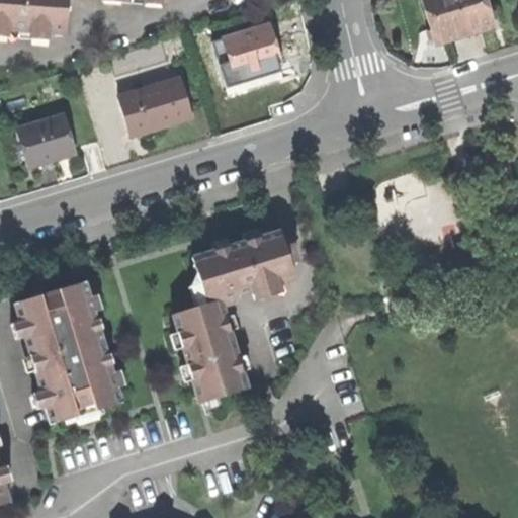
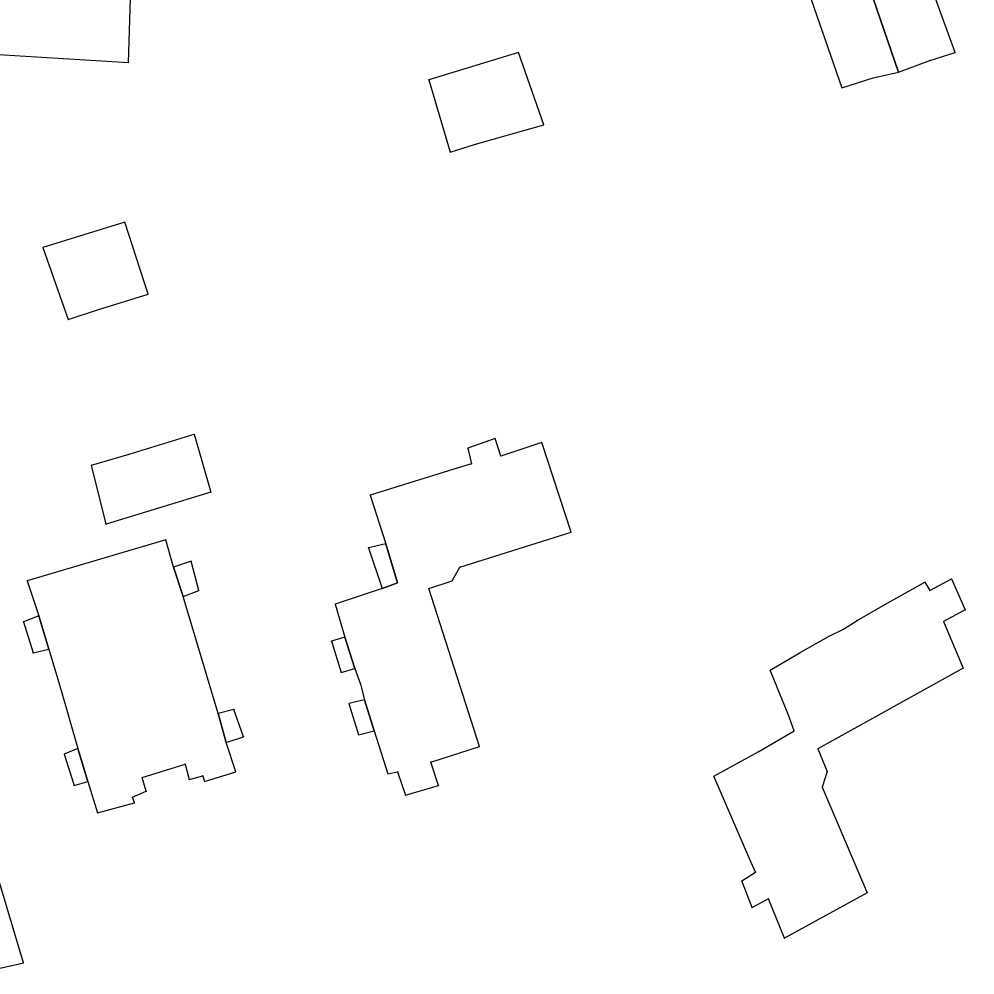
building: [117,79,192,138] -> none
building: none -> [92,434,211,524]
building: none -> [714,579,965,938]

